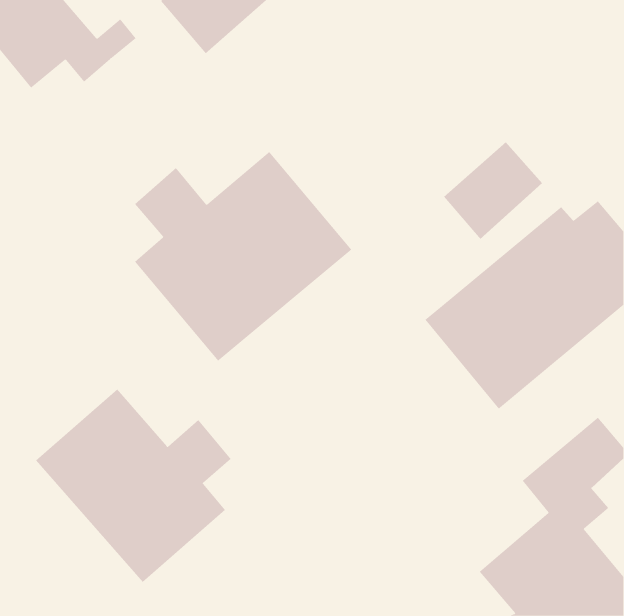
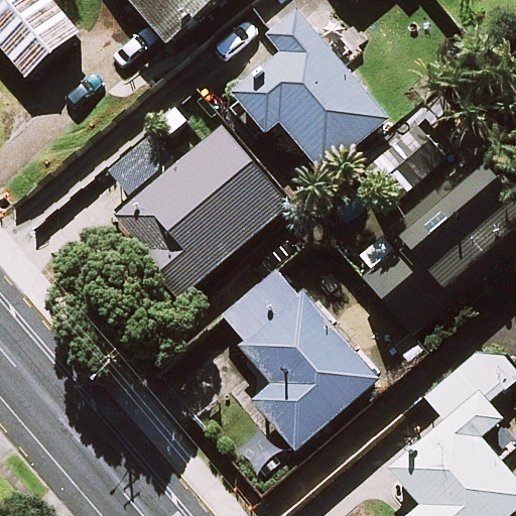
building: none -> [234,11,387,171]
building: none -> [228,277,377,448]
building: [35,388,231,583] -> none

